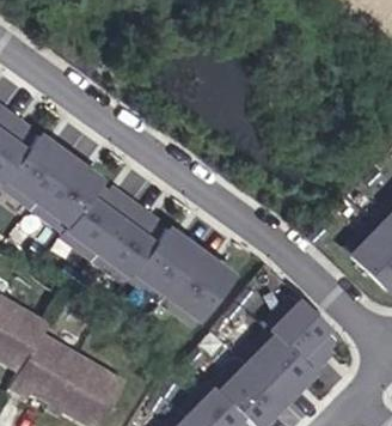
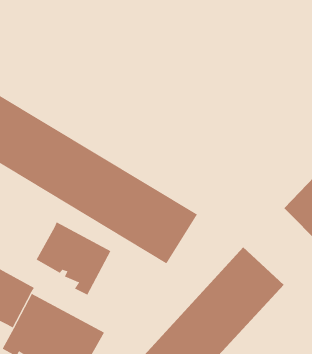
building: none -> [36,222,111,295]

